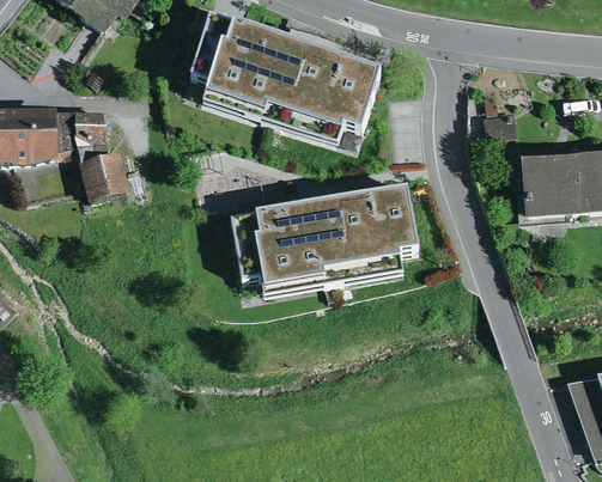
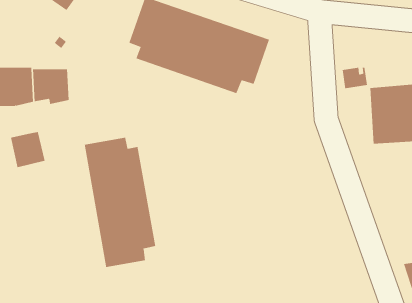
building: [80,152,129,202] -> [10,131,46,168]
building: [227,193,421,301] -> none
building: none -> [84,137,156,268]

